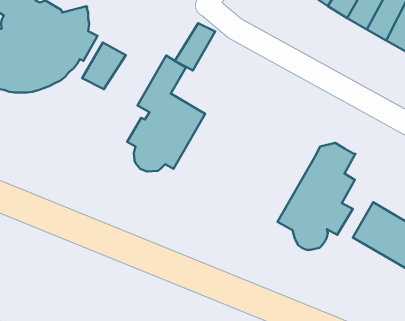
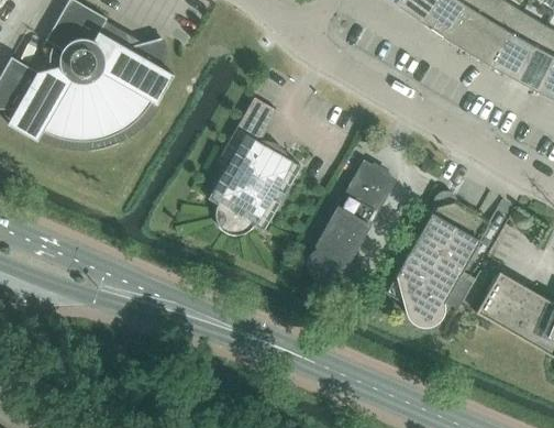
building: [175,23,215,70] -> none
building: [82,42,126,89] -> none
building: none -> [308,162,395,278]

